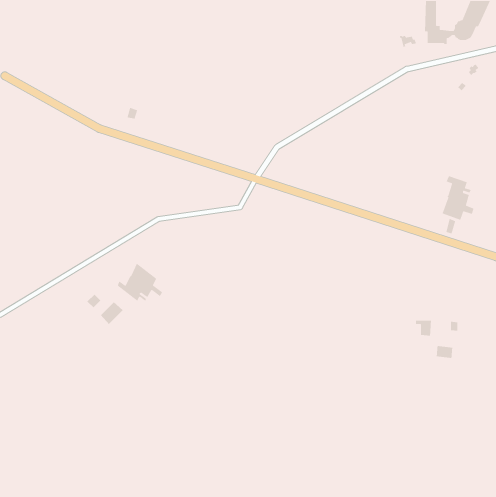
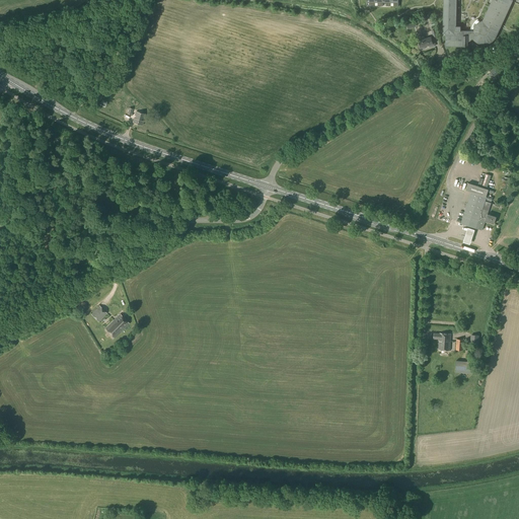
building: [117,263,163,302] -> none

